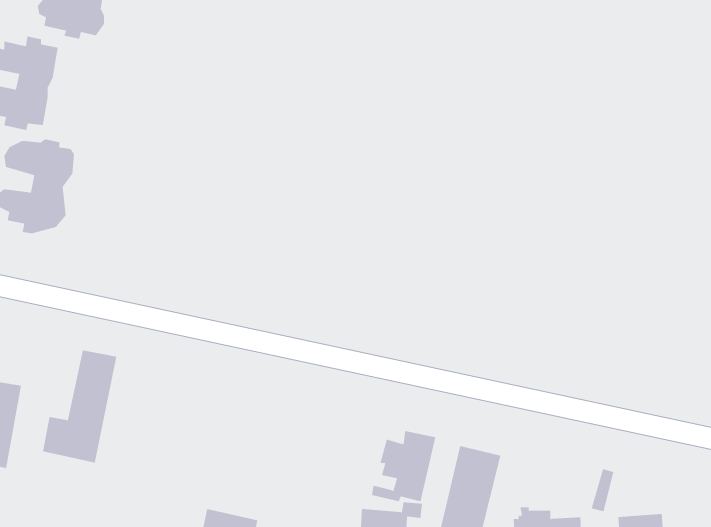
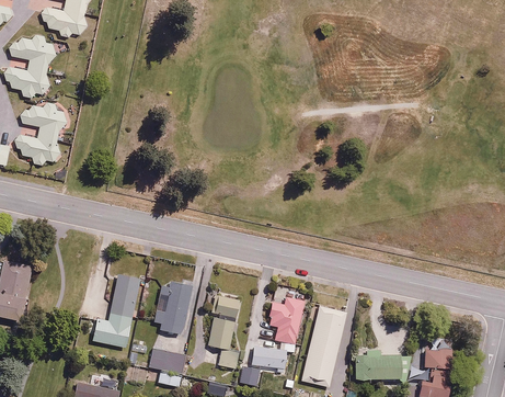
building: [42,350,117,463] -> [90,273,139,348]
building: none -> [152,281,191,334]
building: none -> [208,292,239,350]

